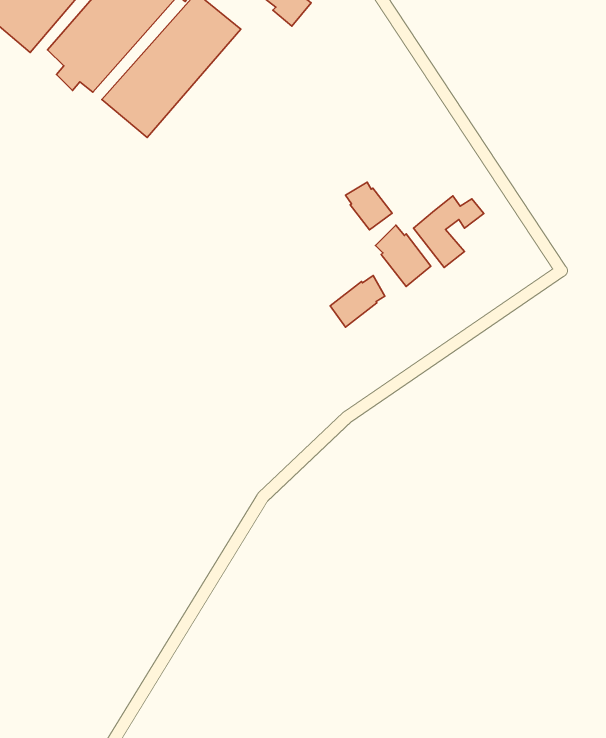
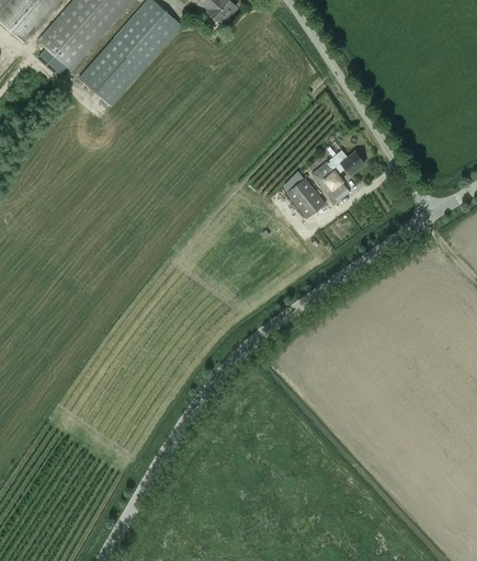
building: [346,182,392,230] -> none
building: [330,275,385,327] -> none

